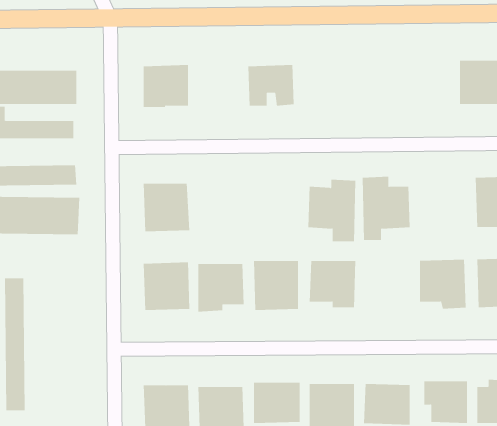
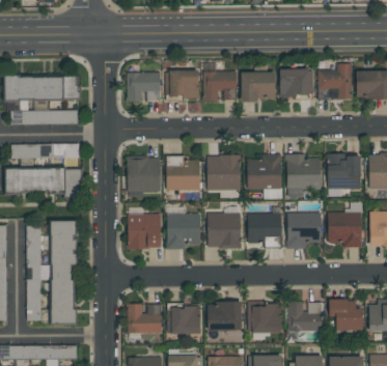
building: none -> [317,62,352,100]
building: none -> [165,67,199,97]
building: none -> [280,68,309,96]
building: none -> [242,69,276,102]
building: none -> [328,151,361,189]
building: none -> [167,154,200,191]
building: none -> [208,154,241,191]
building: none -> [287,212,322,250]
building: none -> [51,222,77,323]

